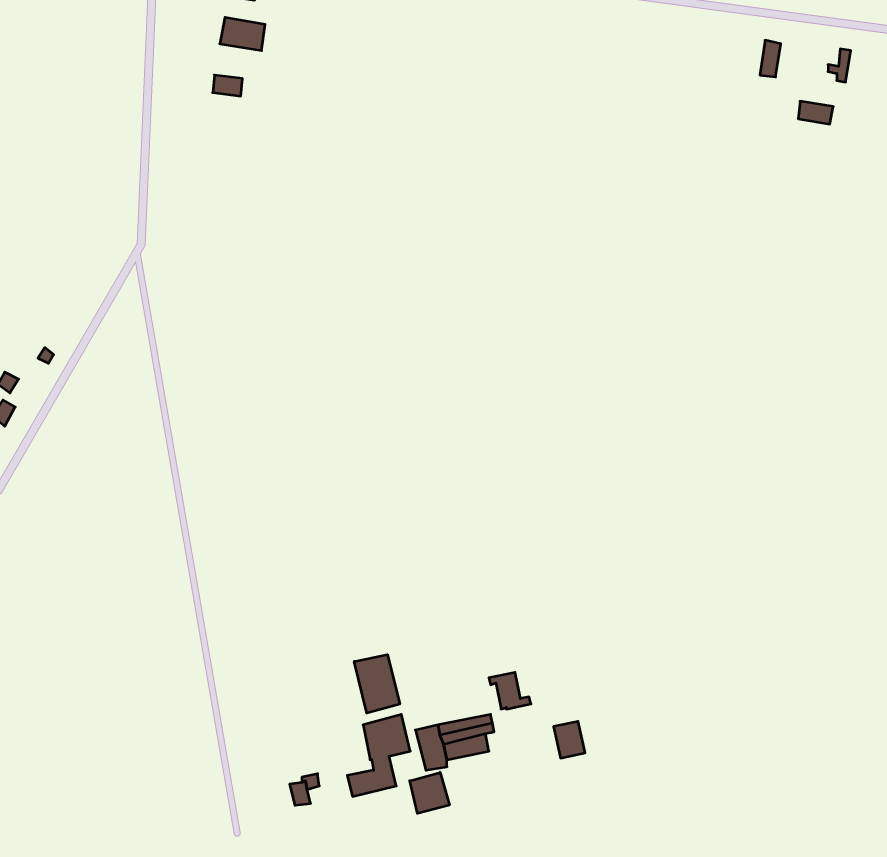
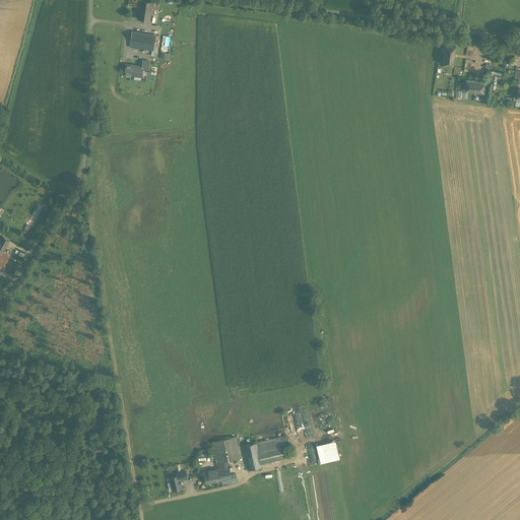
building: [354,655,400,713] -> none
building: [410,772,449,813] -> none

